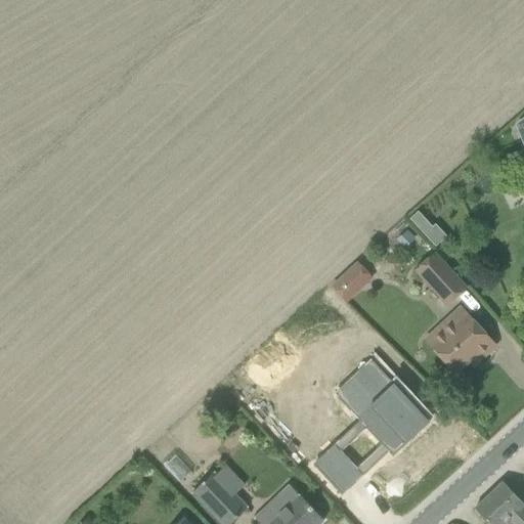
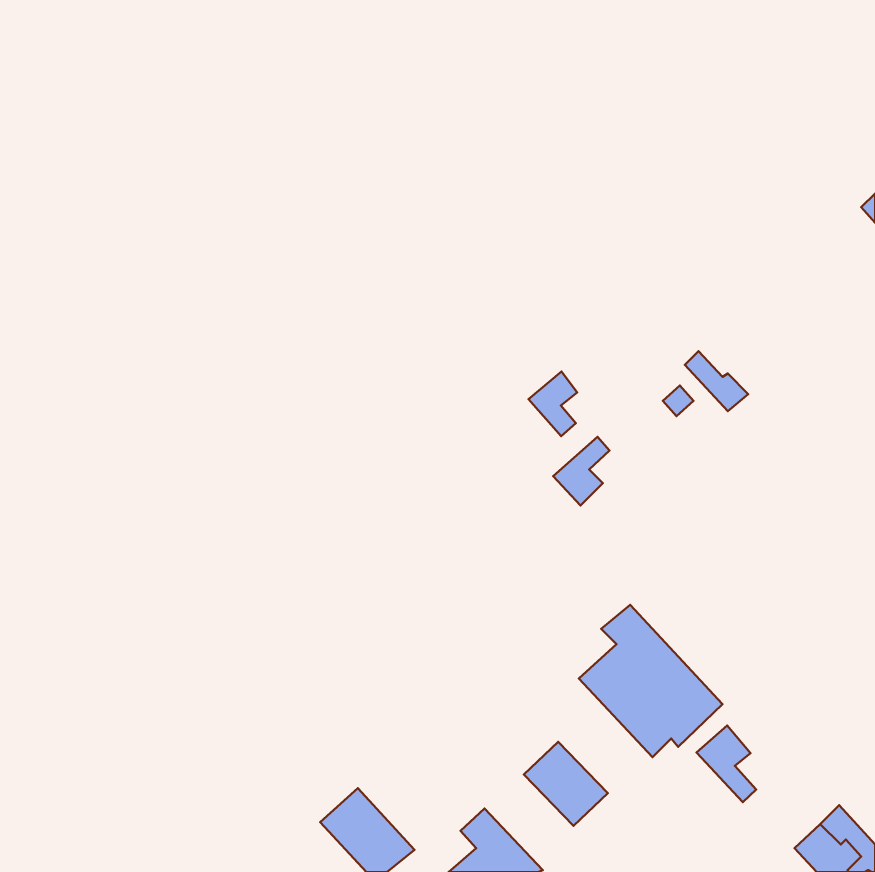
building: none -> [529,372,577,436]
building: [417,252,465,303] -> none
building: [433,307,495,372] -> none
building: none -> [696,726,756,802]

